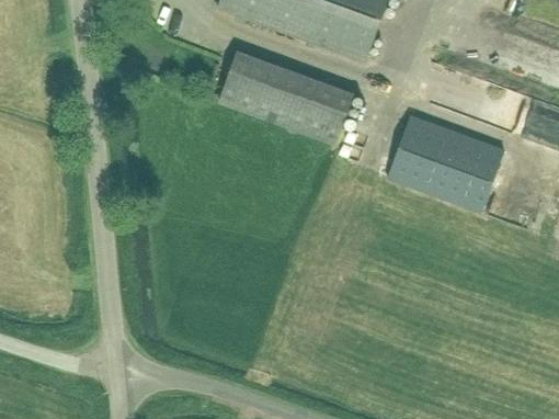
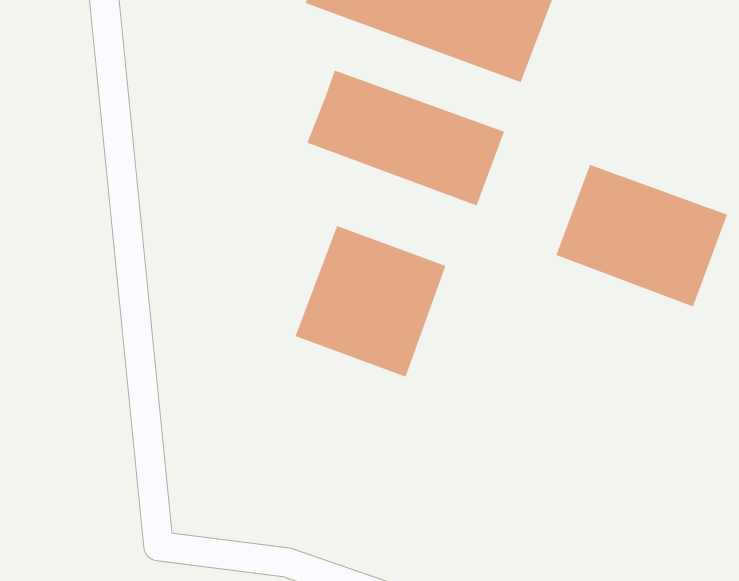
building: none -> [295,225,446,378]

